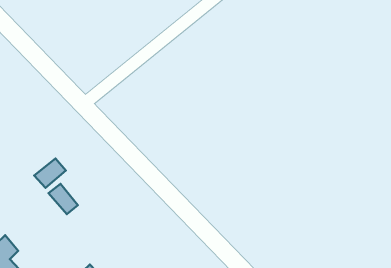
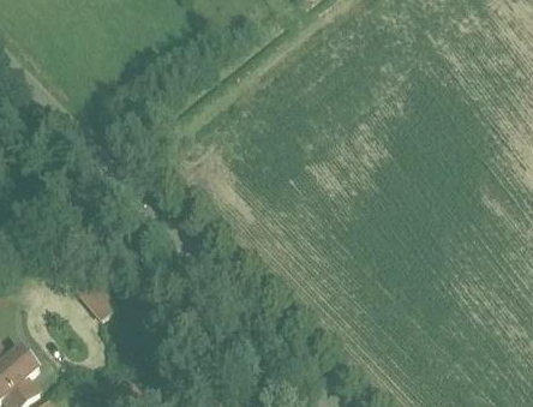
building: [34,158,66,188] -> none

